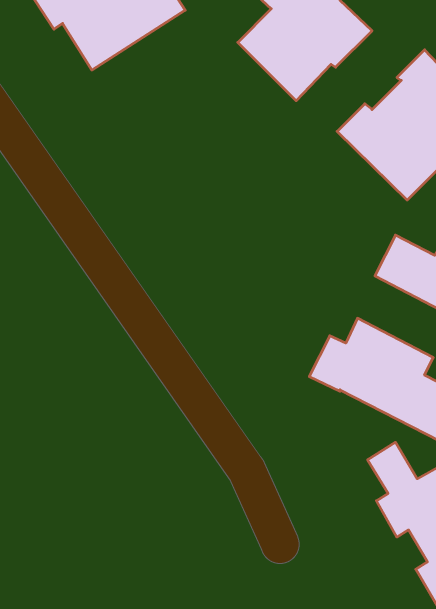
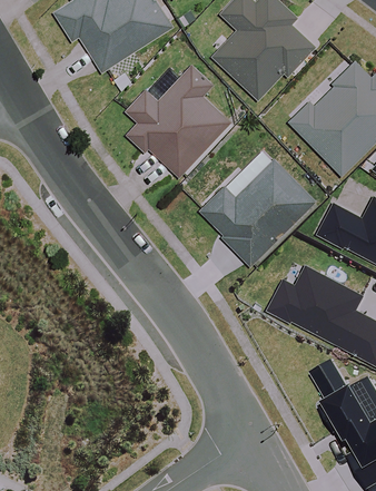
building: none -> [125,63,230,175]
building: none -> [199,159,317,265]

